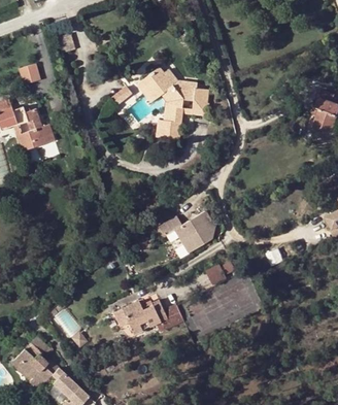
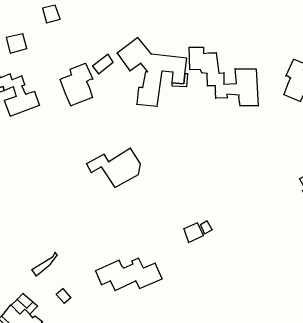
building: none -> [189,47,258,106]
building: none -> [60,63,93,106]
building: [158,210,214,251] -> [86,148,140,187]

